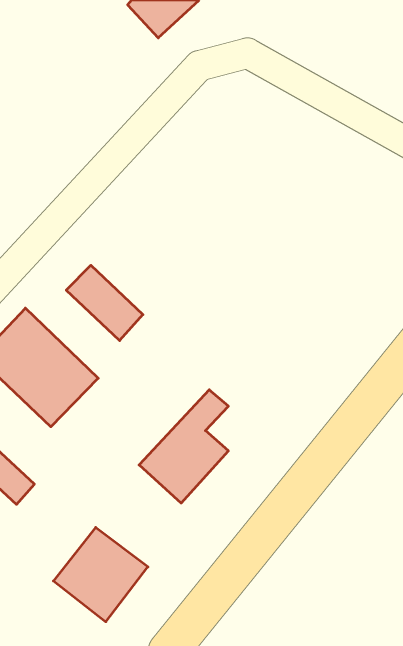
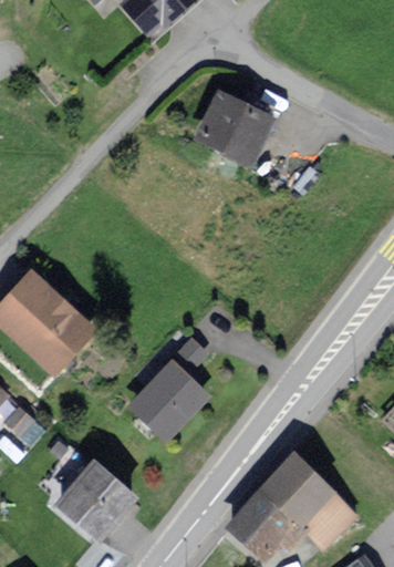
building: none -> [198,93,270,159]
building: [66,265,143,341] -> none
building: none -> [228,458,352,558]

